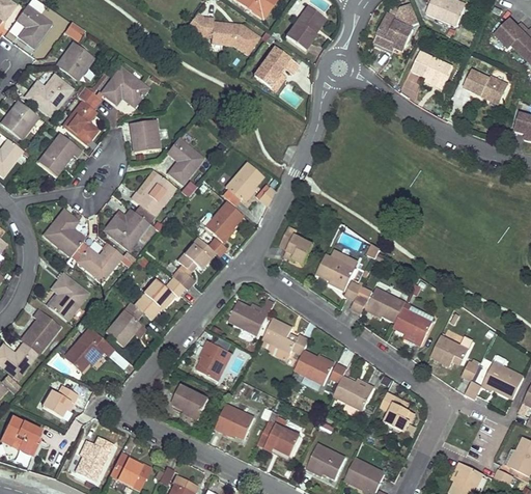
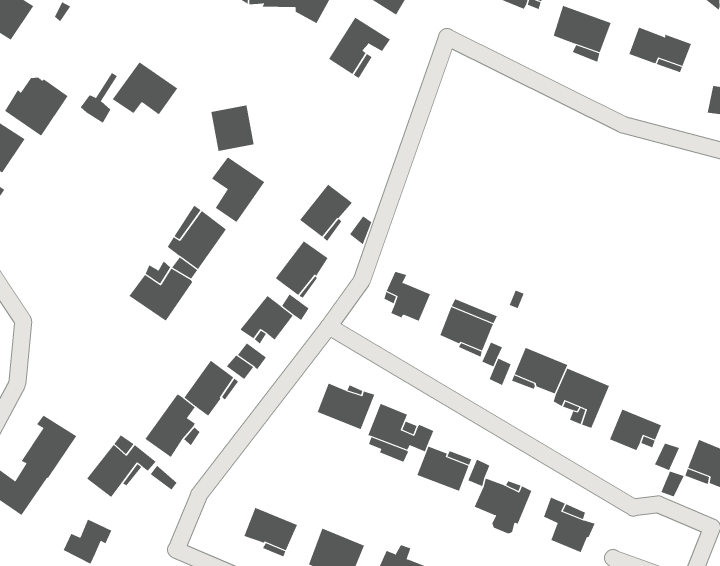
building: [56,44,93,82] -> none
building: [63,102,97,144] -> none
building: [130,121,159,153] -> [211,105,255,152]
building: [38,134,82,176] -> none
building: [43,211,85,257] -> none
building: [77,246,121,282] -> none
building: [49,275,87,322] -> none
building: [196,341,231,382] -> none

